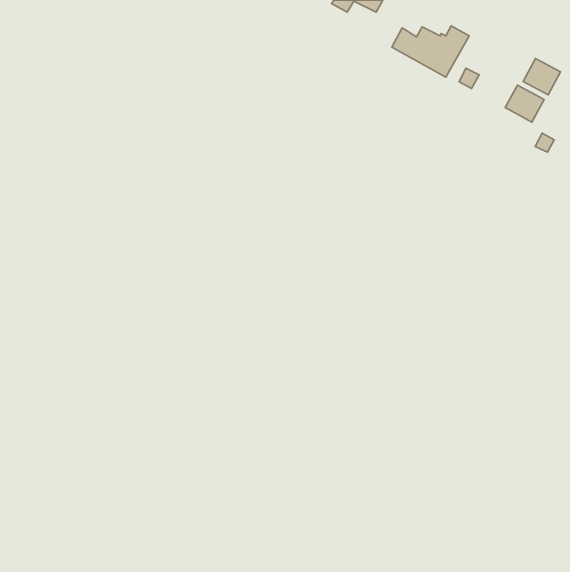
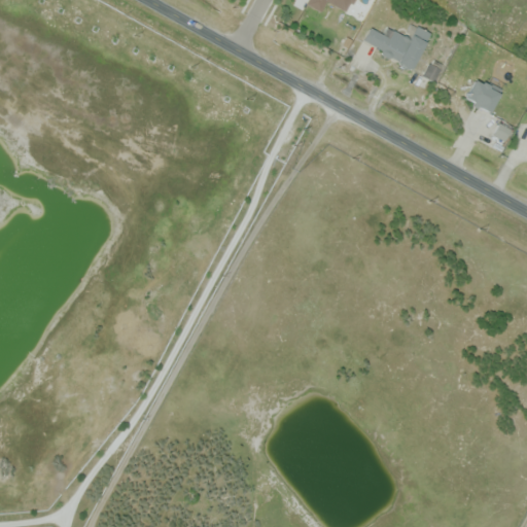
building: [523,59,561,95] -> none

